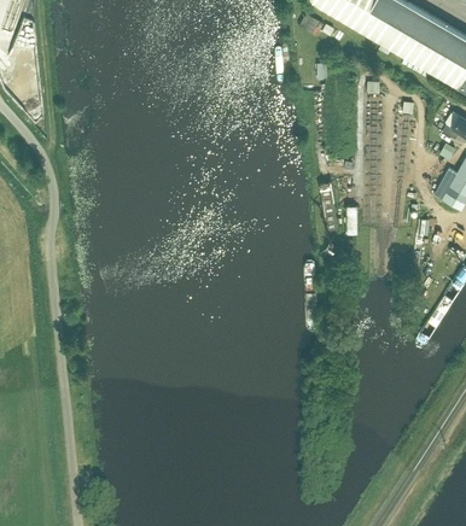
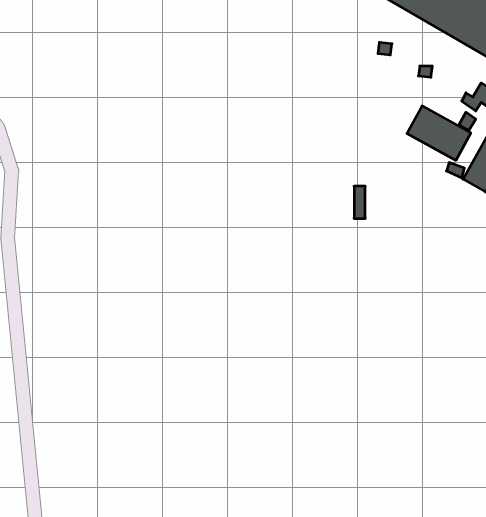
building: none -> [407,106,471,160]

